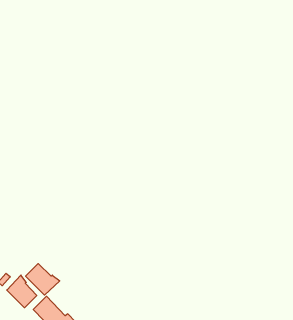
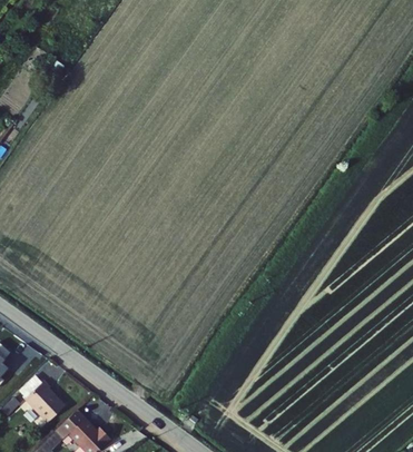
building: [26,264,60,295] -> none

